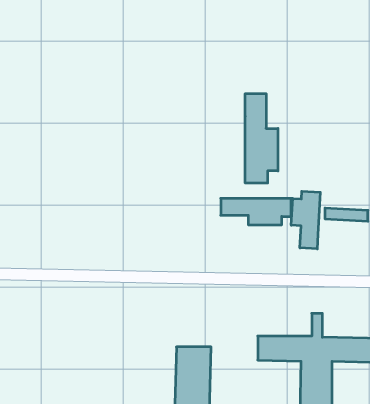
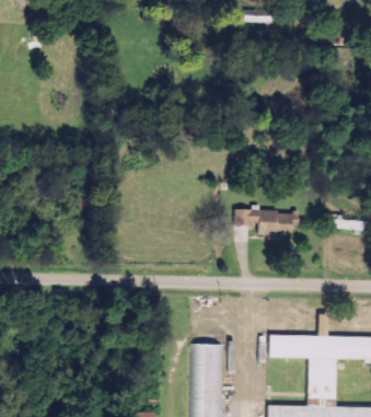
building: [245,94,278,183] -> none
building: [291,191,320,249] -> none

